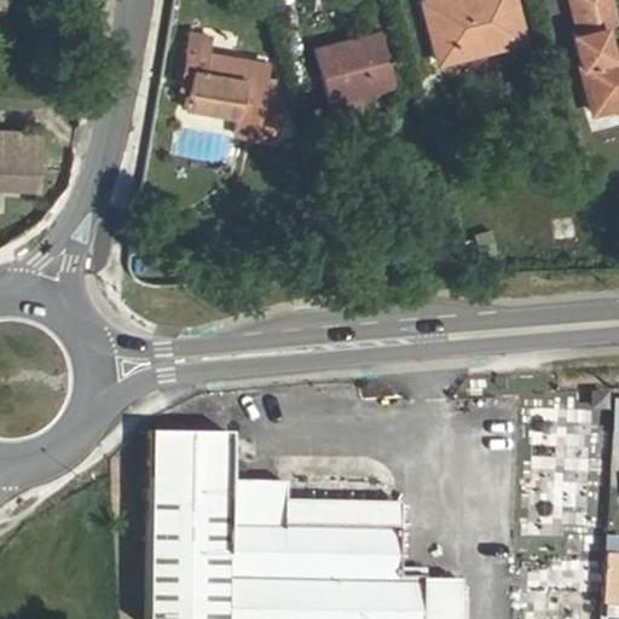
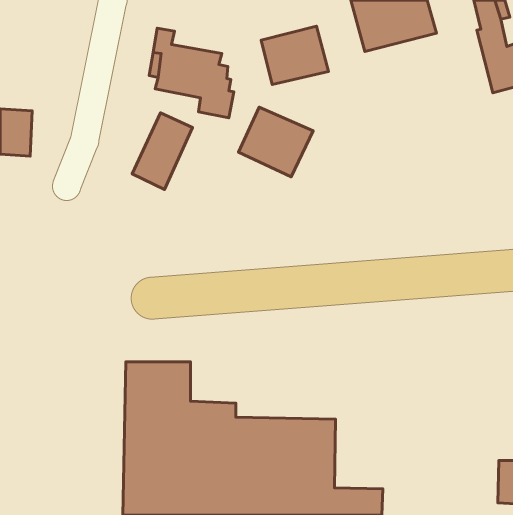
building: none -> [238,107,313,177]
building: none -> [132,113,192,190]

